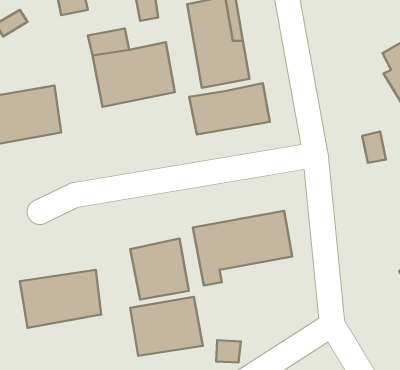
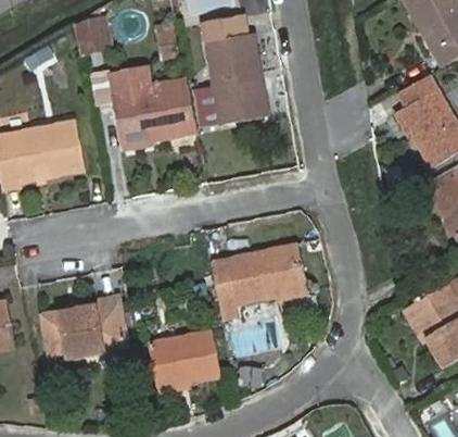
building: [189,83,270,135] -> none
building: [130,239,189,300] -> none

